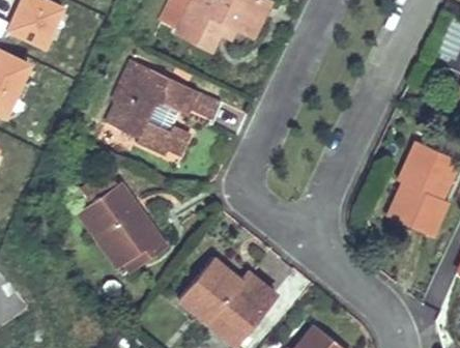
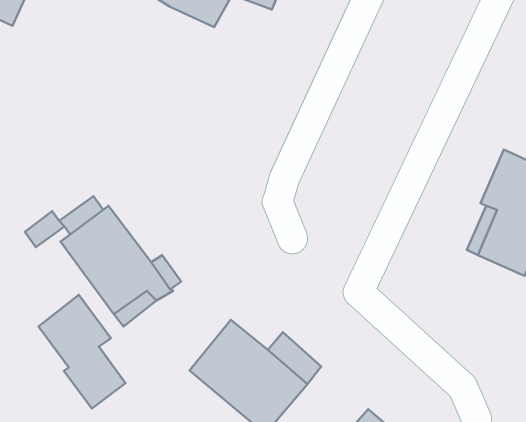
building: [103,62,215,164] -> none
building: none -> [39,295,125,408]

